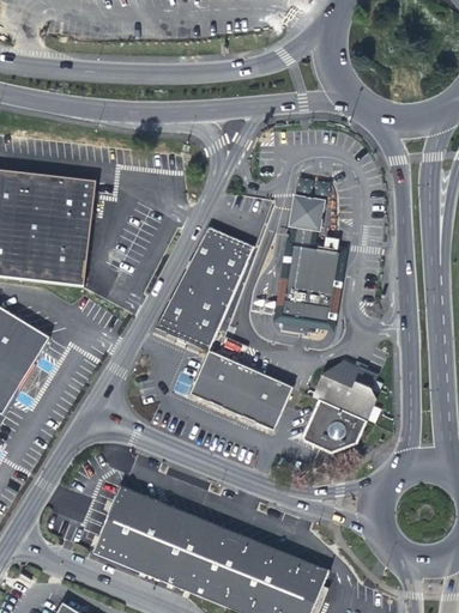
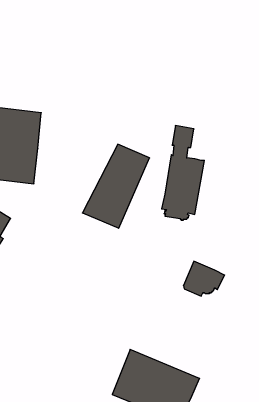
building: [193,350,294,427] -> none
building: [313,364,375,419] -> none
building: [93,485,227,596] -> none

